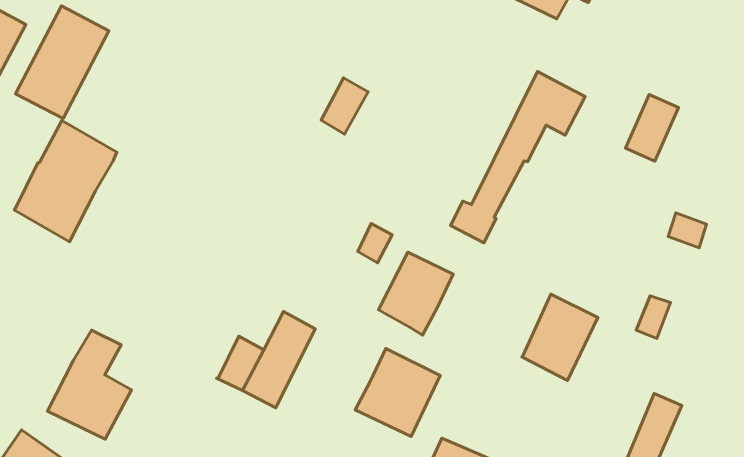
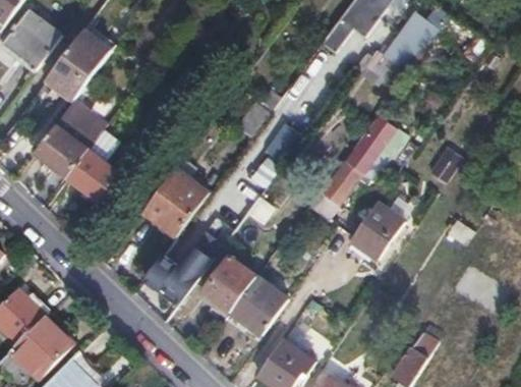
building: none -> [143,168,208,237]
building: [378,252,453,335] -> [204,259,254,313]
building: [522,294,598,380] -> [351,203,403,259]
building: [48,330,131,439] -> [65,131,120,202]

